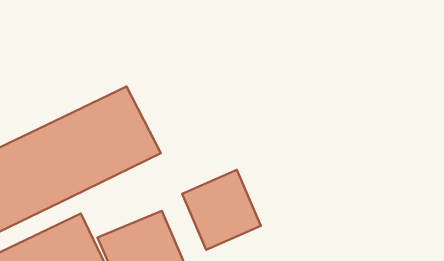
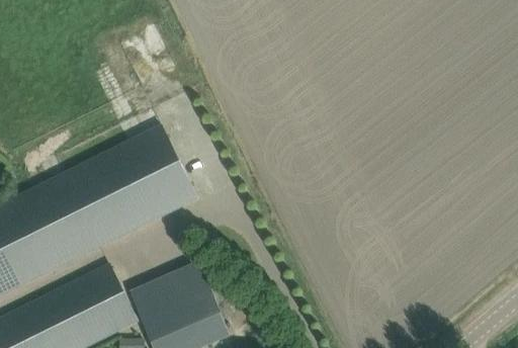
building: [182,170,261,250] -> none

